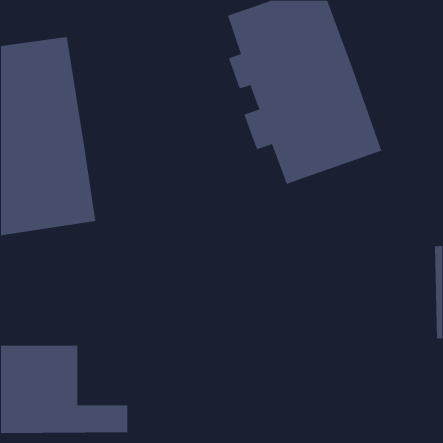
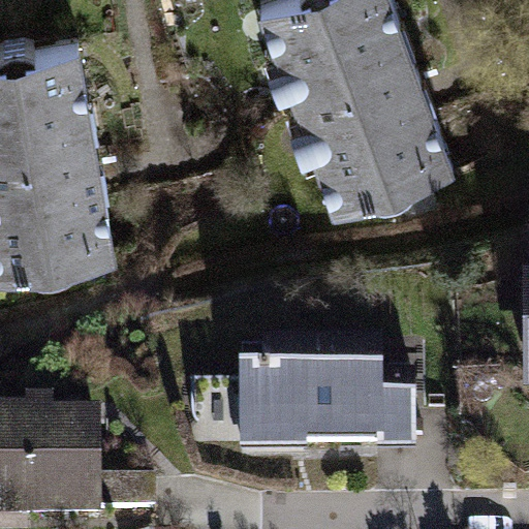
building: none -> [237,339,416,456]

